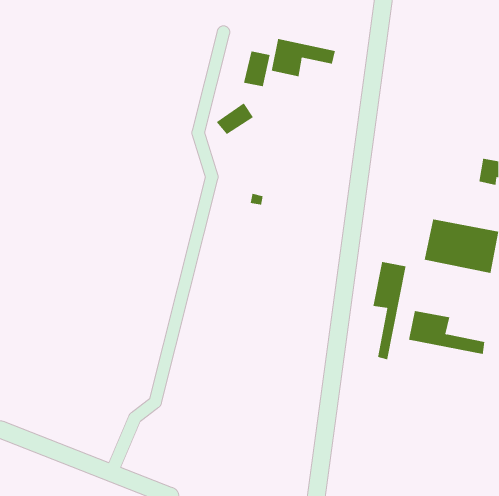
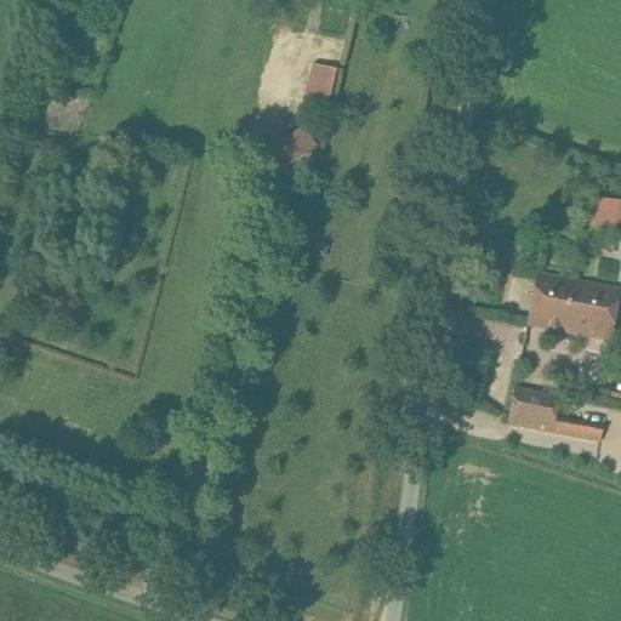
building: [271,38,336,77] -> none
building: [373,261,406,360] -> none

